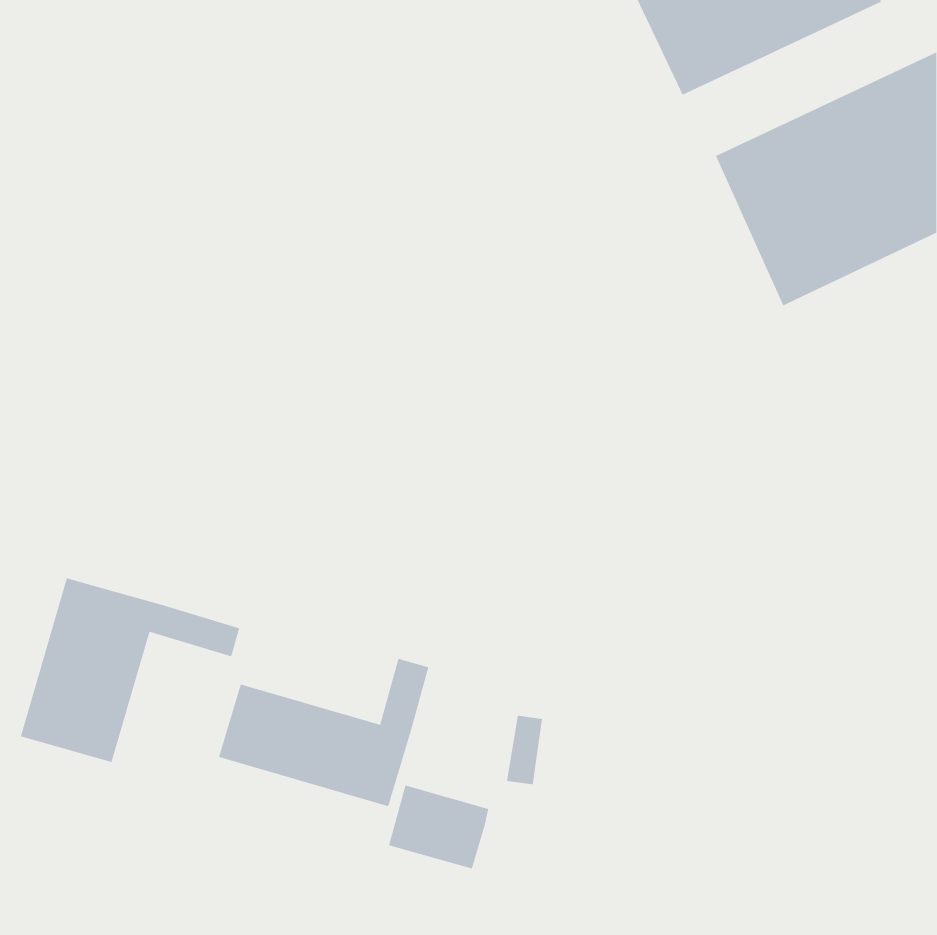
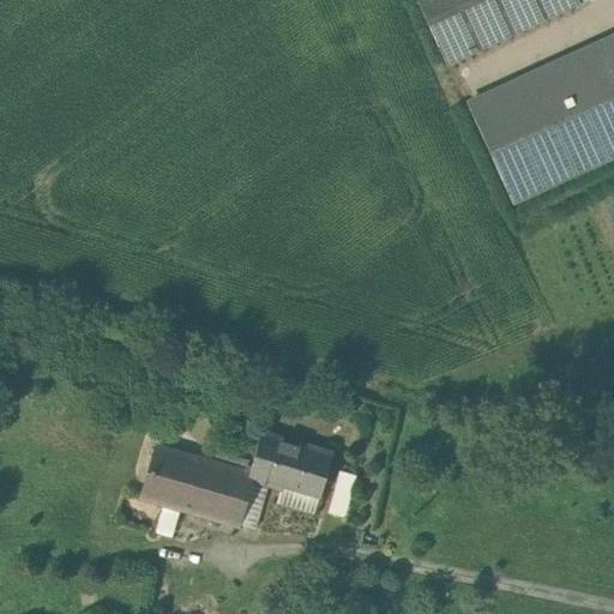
building: [20,577,240,763] -> none
building: [388,785,489,869] -> [270,437,336,492]

